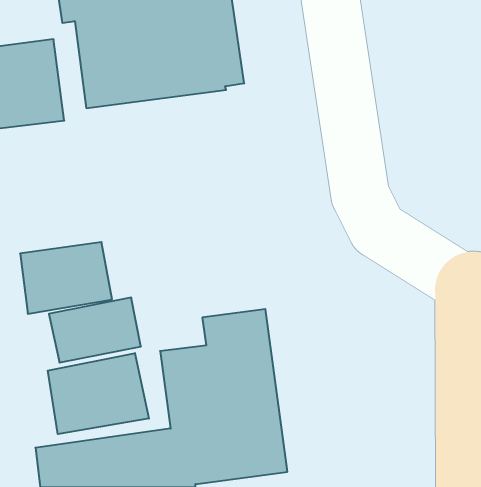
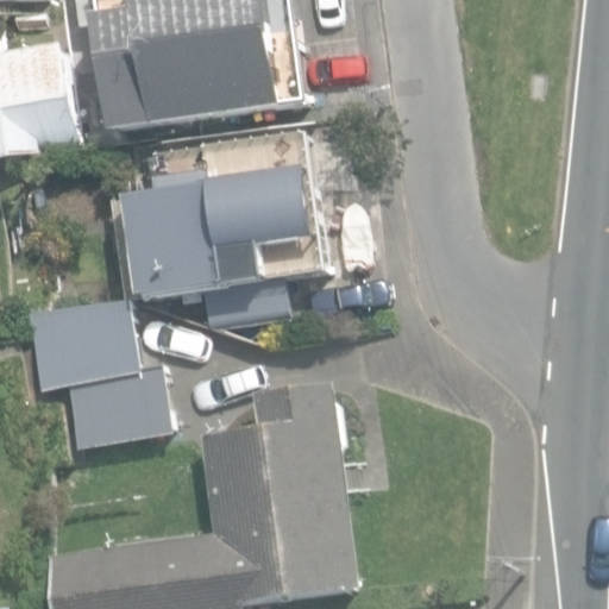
building: none -> [125,139,316,329]
building: [48,353,149,434] -> none

